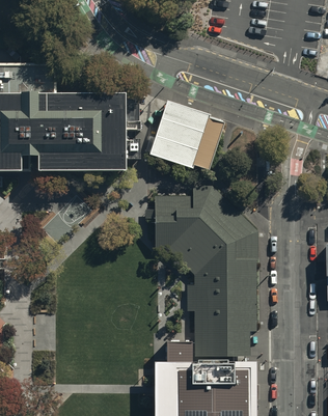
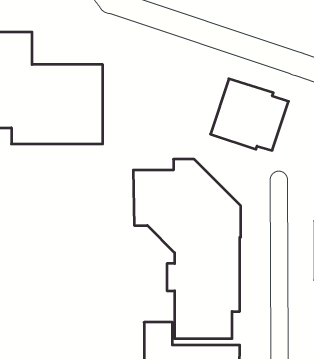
building: [148,102,223,170] -> [210,79,289,150]

